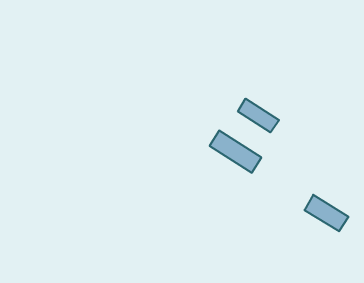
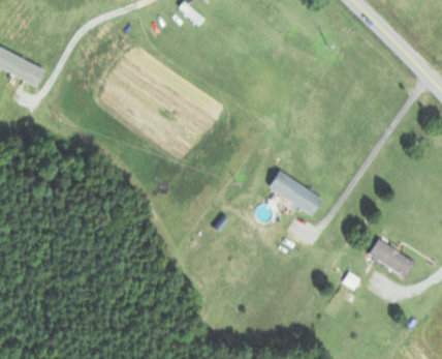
building: [238,99,279,132] -> none

